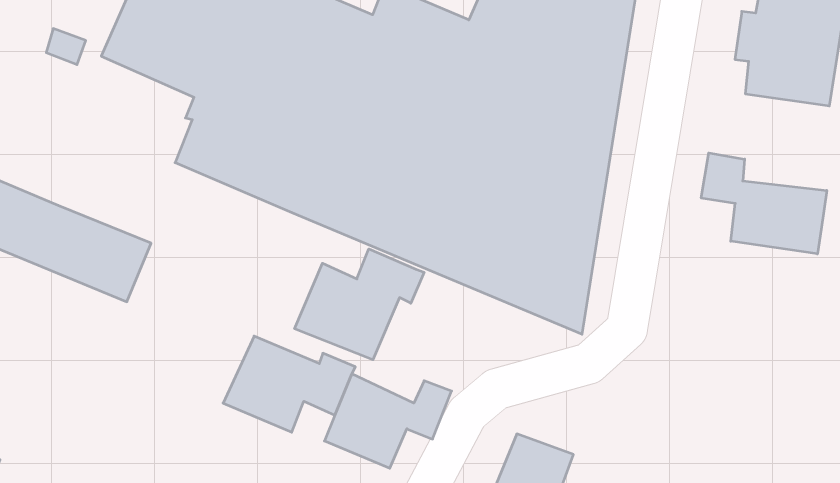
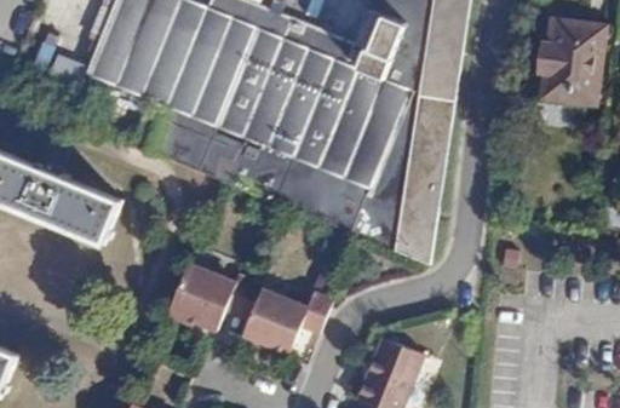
building: [701,153,827,254] -> none
building: [295,249,424,360] -> none

